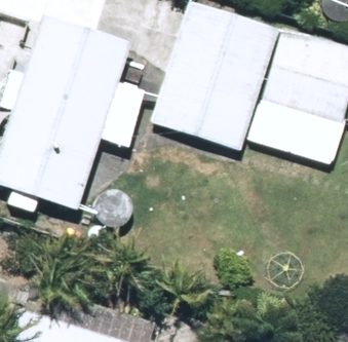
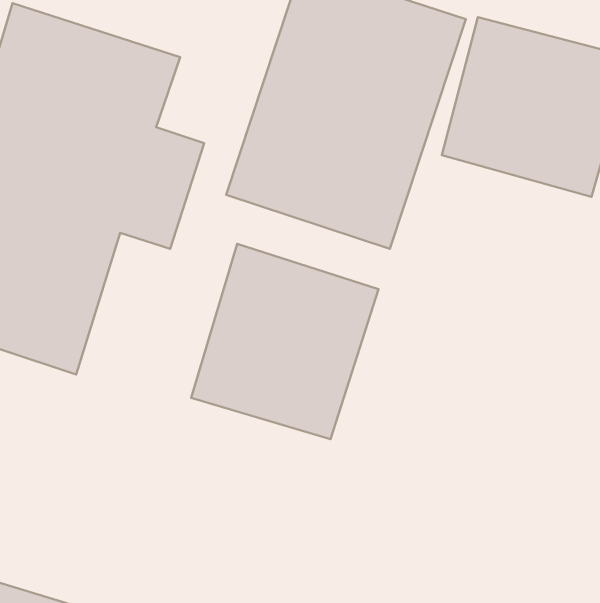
building: none -> [191,244,379,439]

